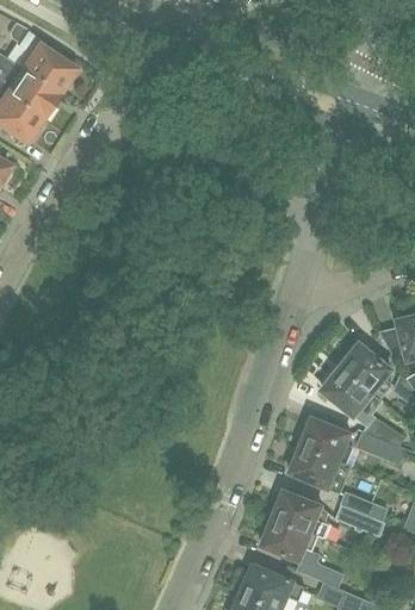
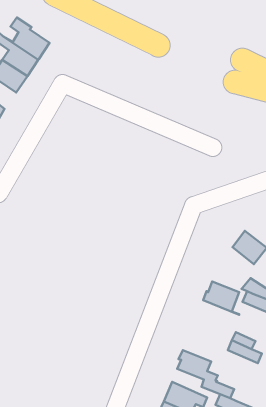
building: [322,367,372,415] -> none
building: [290,444,351,492] -> none
building: [268,490,329,539] -> none

